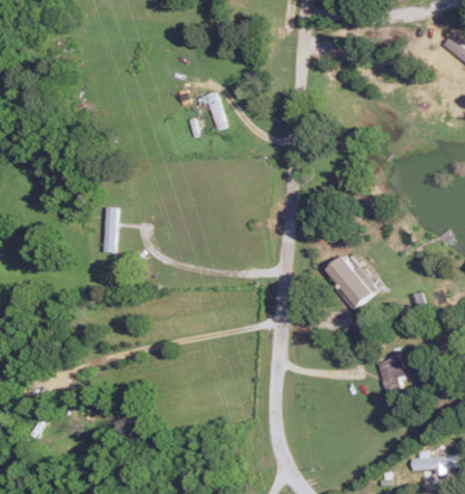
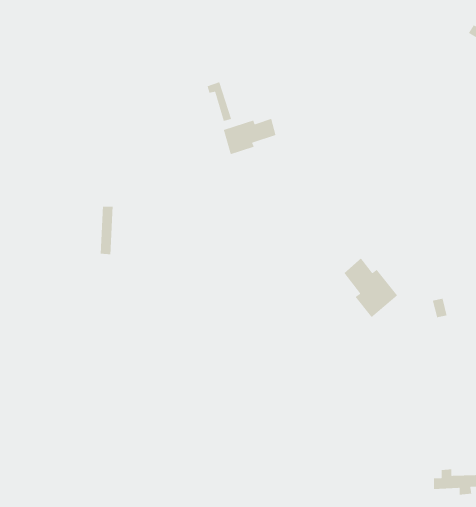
building: none -> [223,118,276,155]
building: [378,357,404,391] -> none

